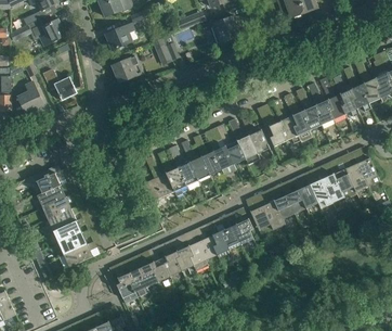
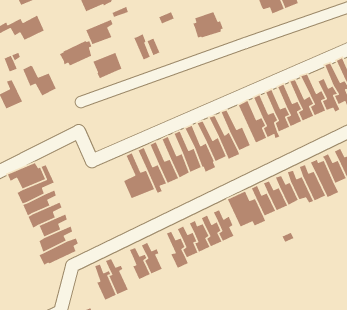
building: none -> [59,40,92,67]
building: [172,235,196,272] -> none
building: [136,255,160,292] -> none

